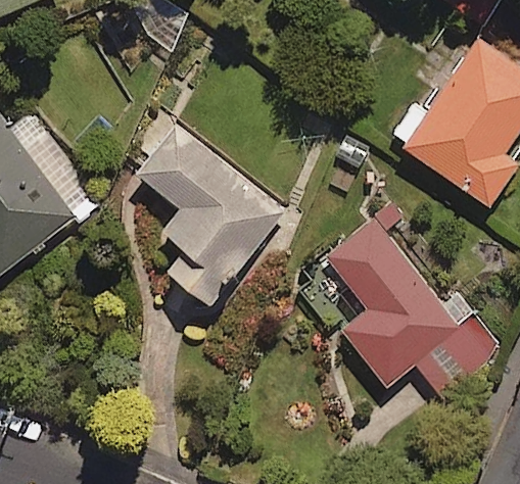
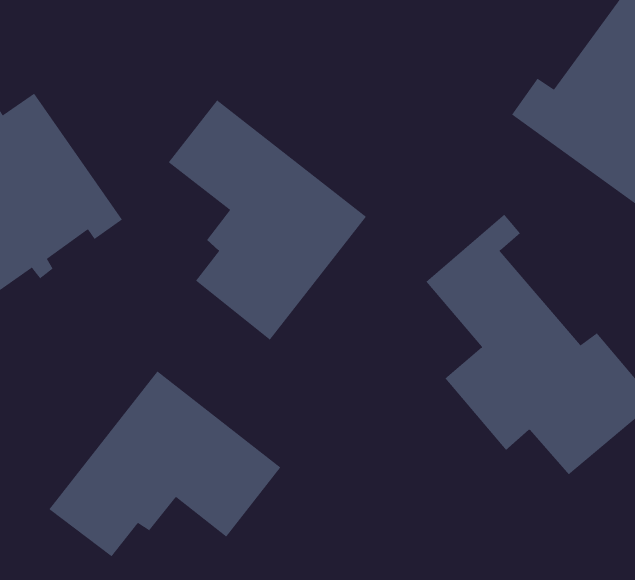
building: none -> [48,370,281,557]

